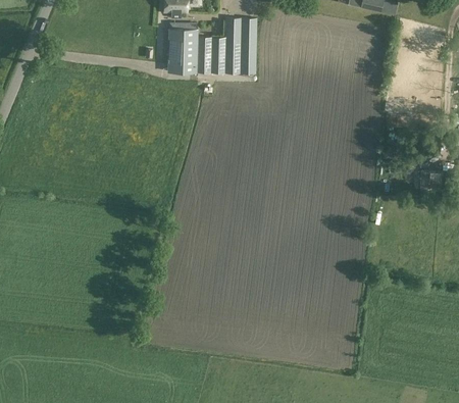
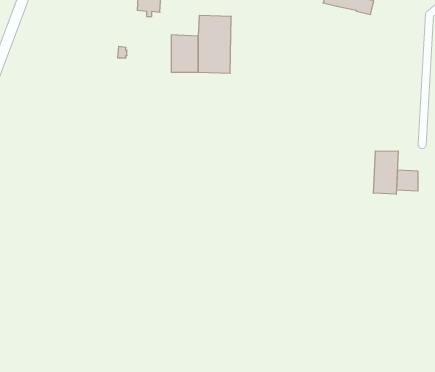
building: [166,21,197,72] -> none
building: none -> [373,151,398,194]

